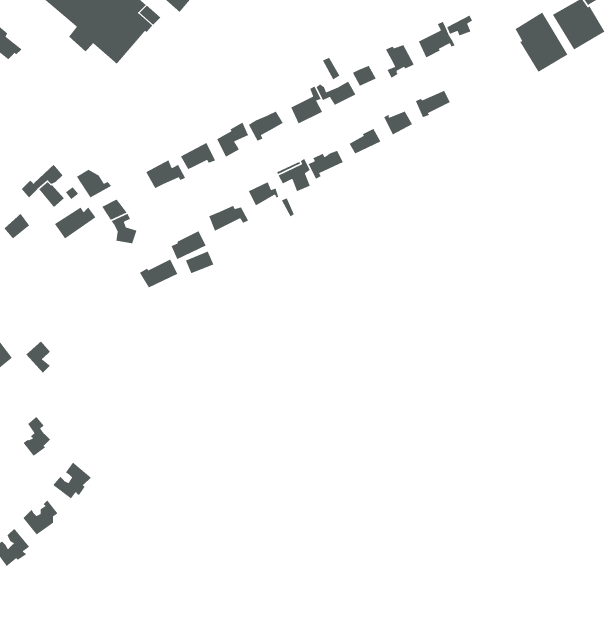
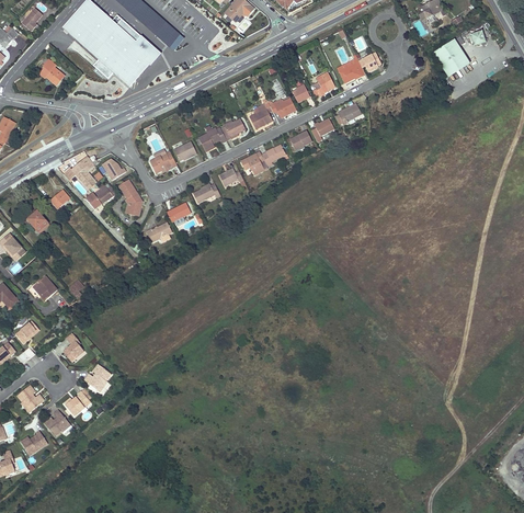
building: [515,11,568,73] -> none

